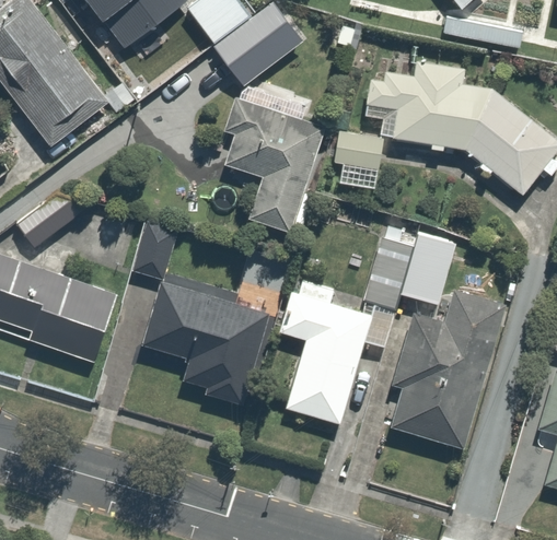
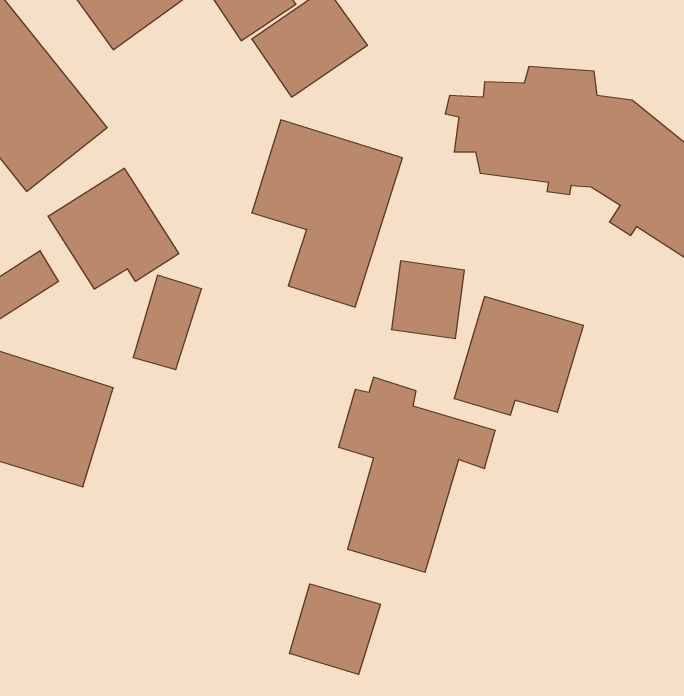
building: none -> [48,168,179,289]
building: [330,134,383,190] -> [391,261,464,339]
building: [142,283,266,403] -> none
building: [390,298,504,447] -> none
building: none -> [289,584,380,675]

